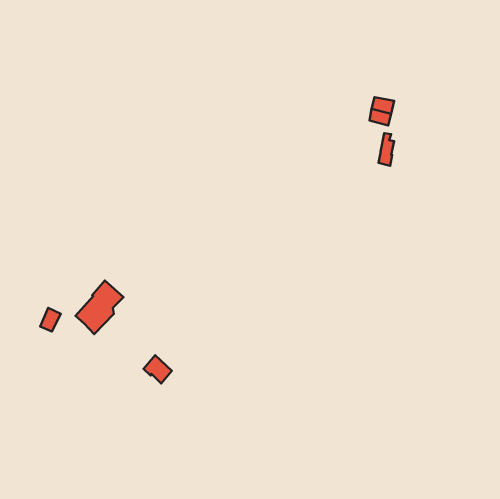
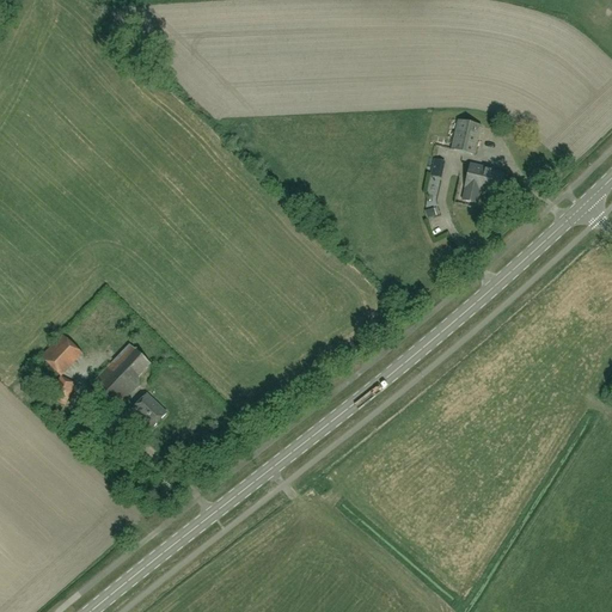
building: none -> [475,164,503,191]
building: none -> [44,333,84,373]
building: [144,355,172,383] -> [130,392,165,427]

